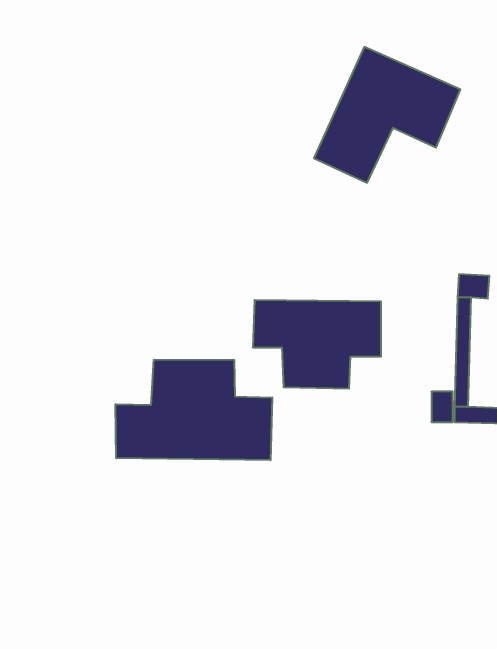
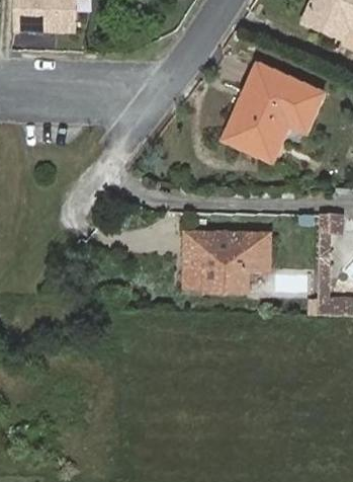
building: [116,360,272,460] -> none

